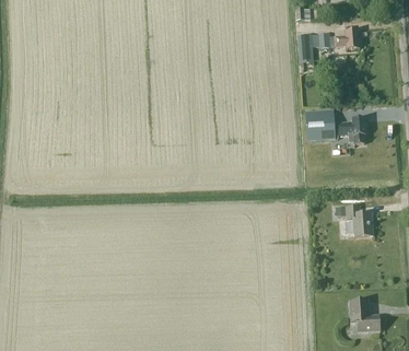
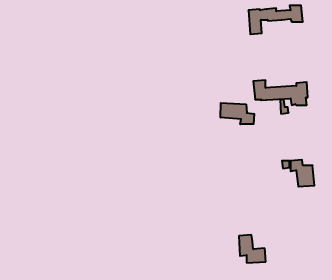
building: none -> [221,103,254,124]
building: [349,300,379,331] -> [239,235,266,263]

